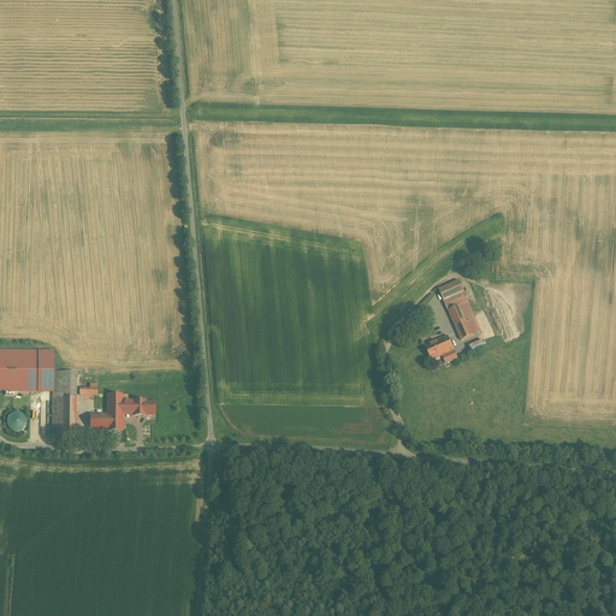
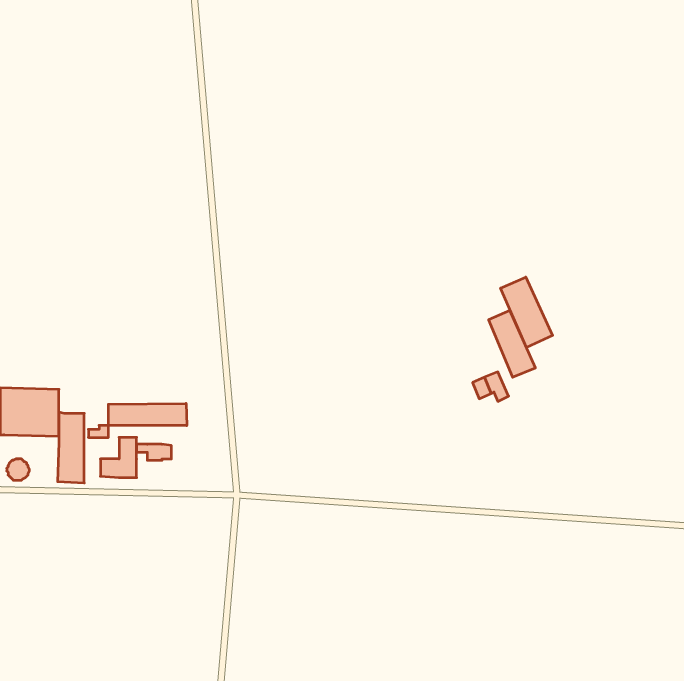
building: none -> [501,277,553,347]
building: none -> [108,403,187,426]

